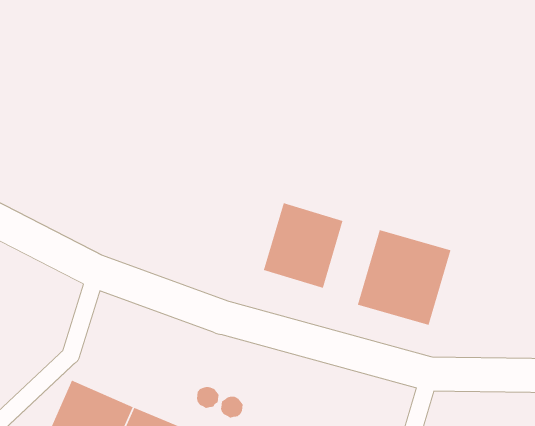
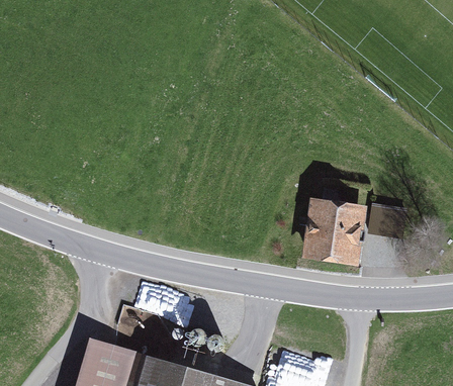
building: [263,202,343,289] -> none

